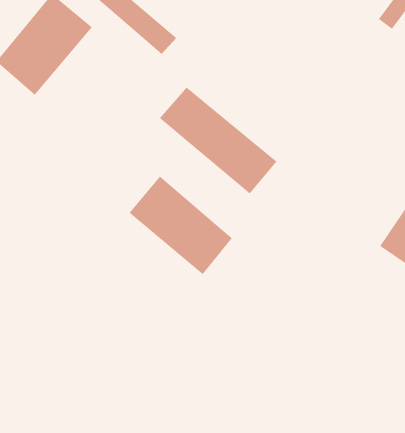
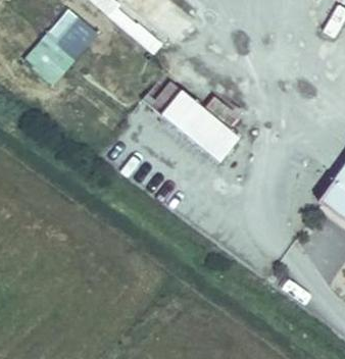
building: [129,175,233,275] -> none

